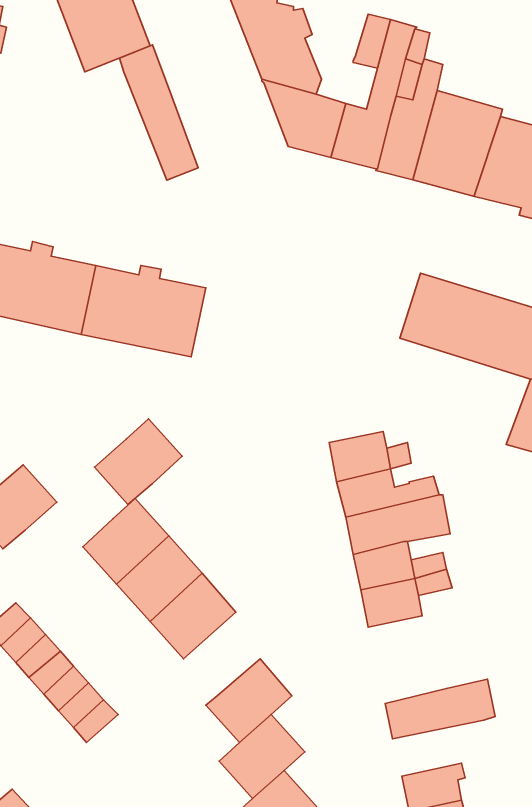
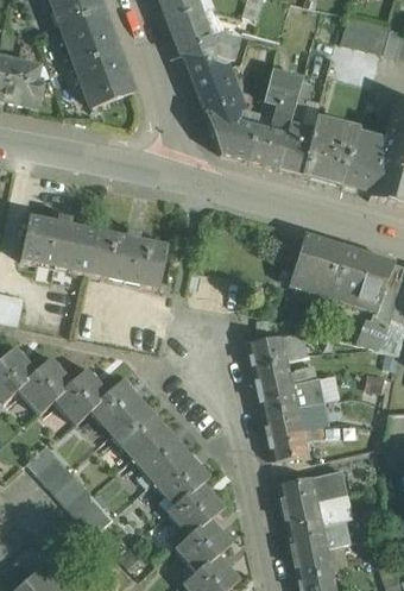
building: [120,45,198,180] -> none
building: [94,419,182,504] -> [52,369,108,423]
building: none -> [153,452,208,505]
building: none -> [277,470,347,510]
building: none -> [286,521,349,557]

